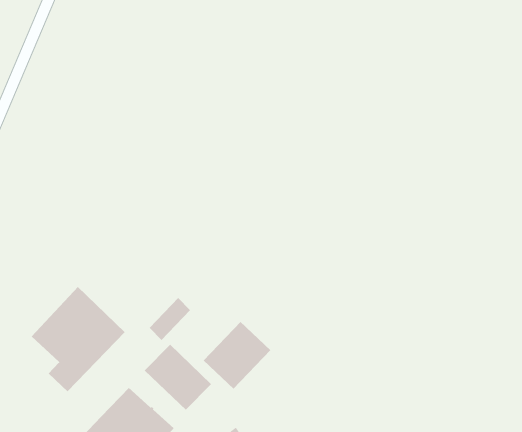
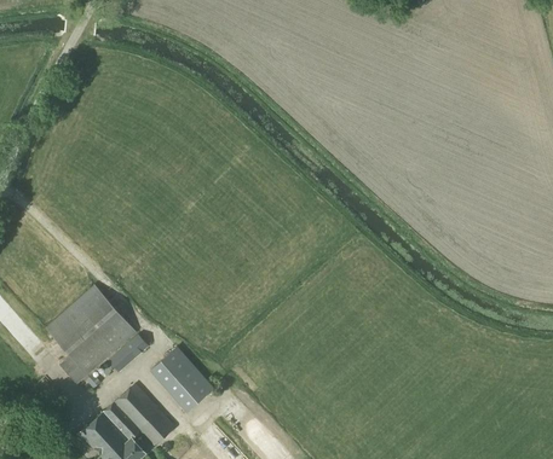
building: [149,297,191,341] -> [108,333,149,373]
building: [203,321,271,389] -> none

